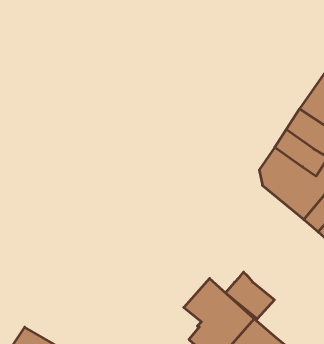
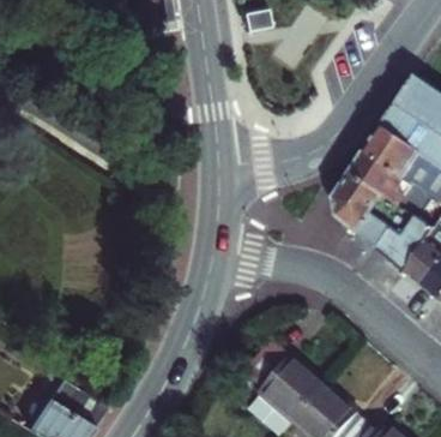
building: [225,272,274,319] -> none

